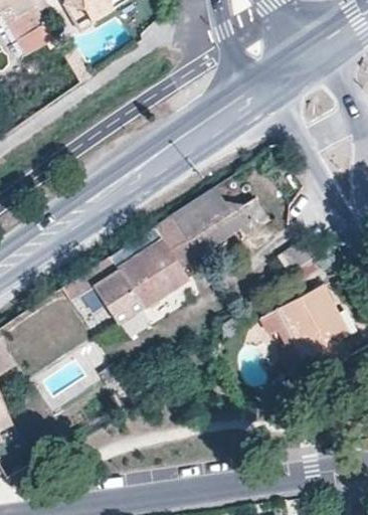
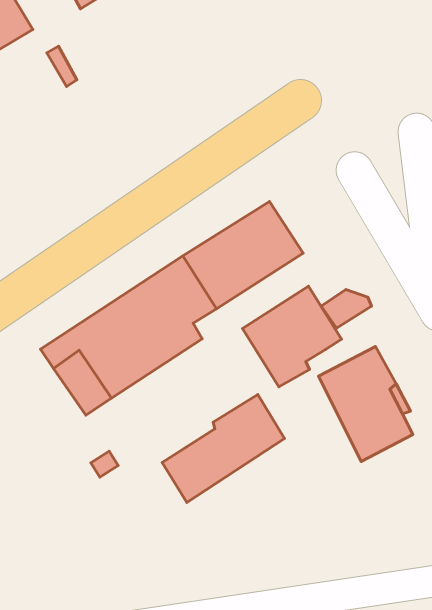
building: none -> [243,286,342,387]
building: none -> [162,395,285,502]

